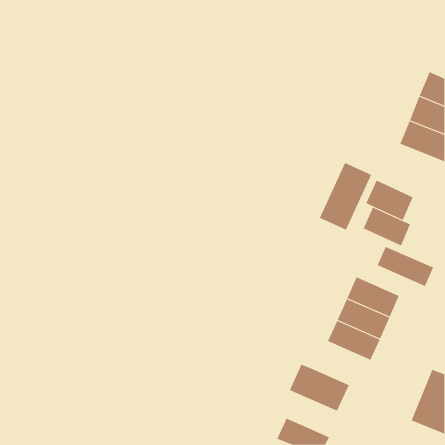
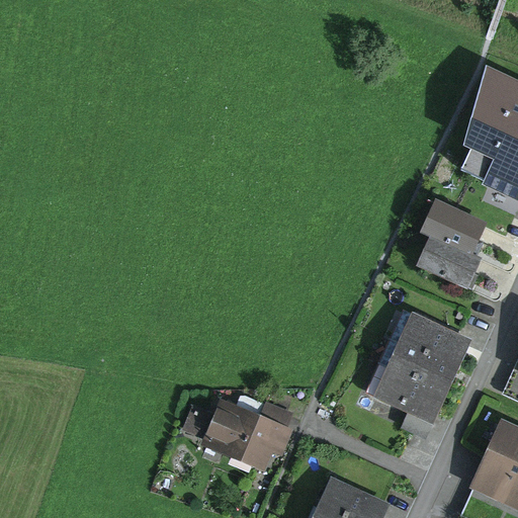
building: [319,162,372,231] -> none
building: [377,246,434,287] -> none
building: none -> [204,388,294,467]
building: [289,364,349,412] -> none

